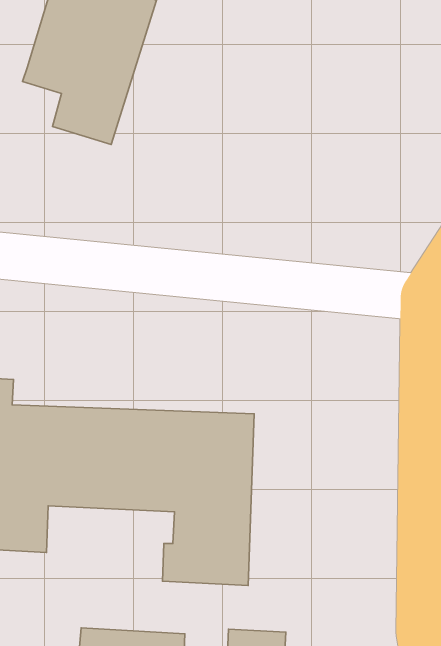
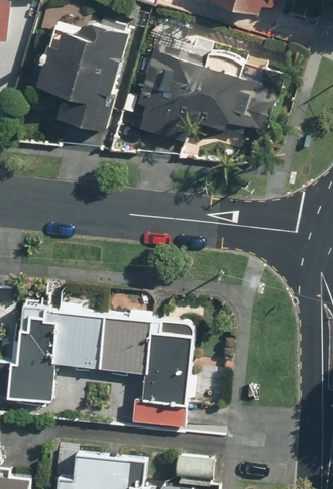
building: none -> [136,53,276,141]

